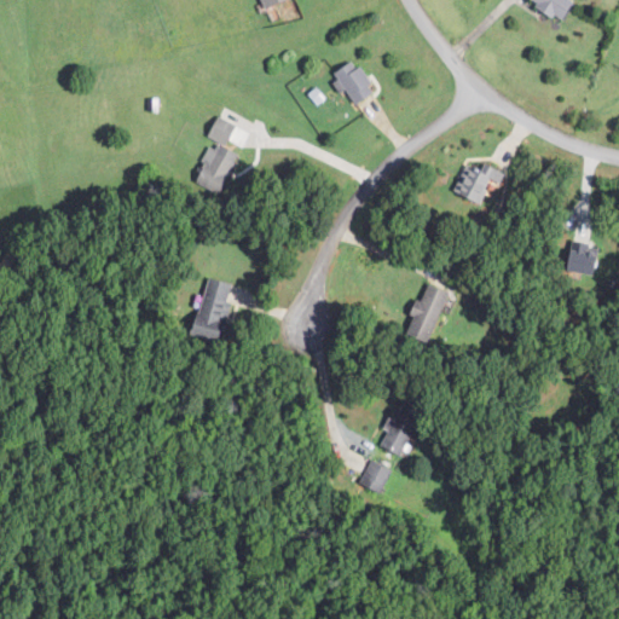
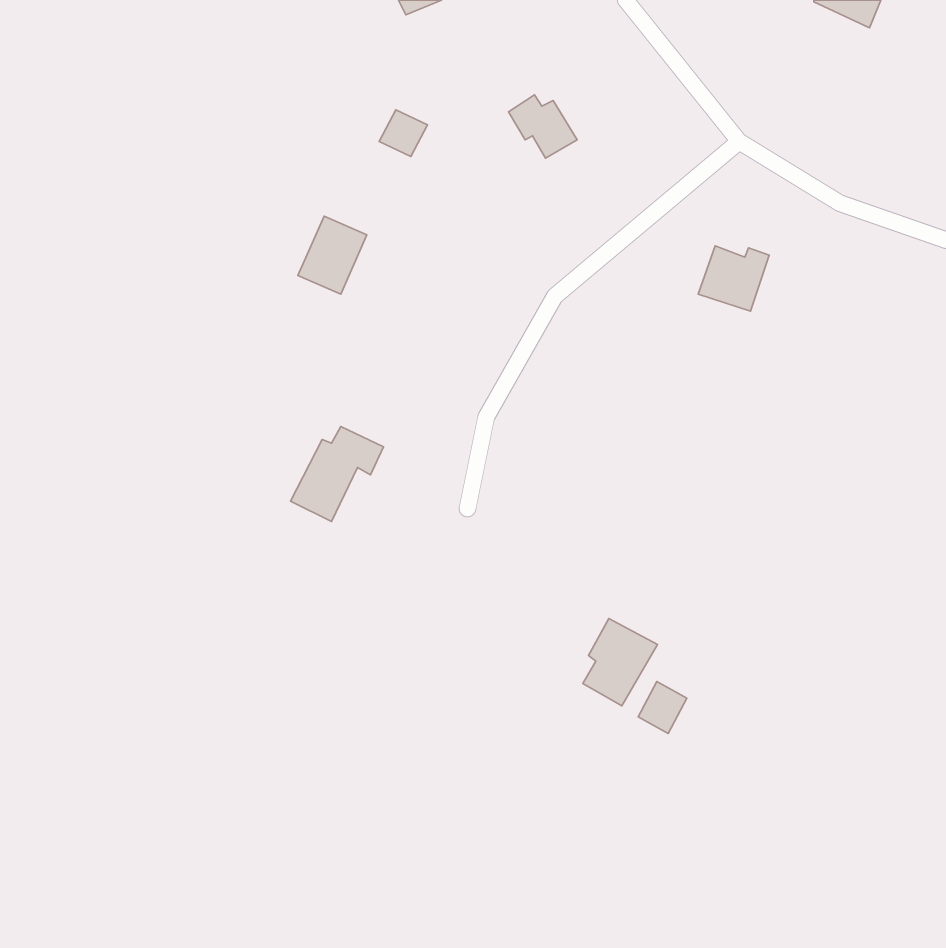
building: [206,116,237,146] -> [379,110,428,156]
building: [571,242,601,274] -> none
building: [405,284,447,341] -> none
building: [359,459,391,493] -> [638,681,687,734]

